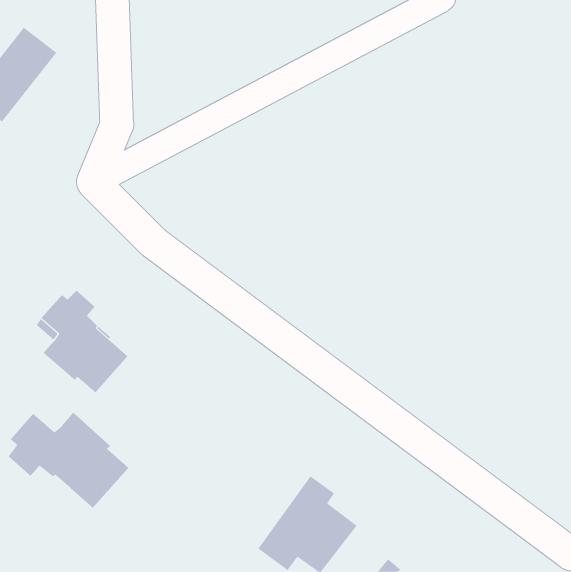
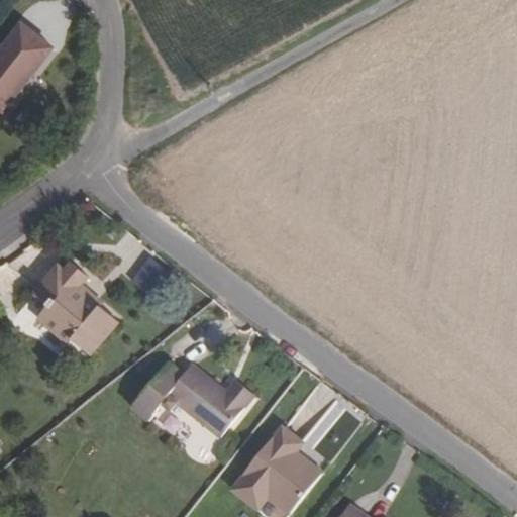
building: none -> [130,361,253,436]
building: [8,412,129,509] -> none

